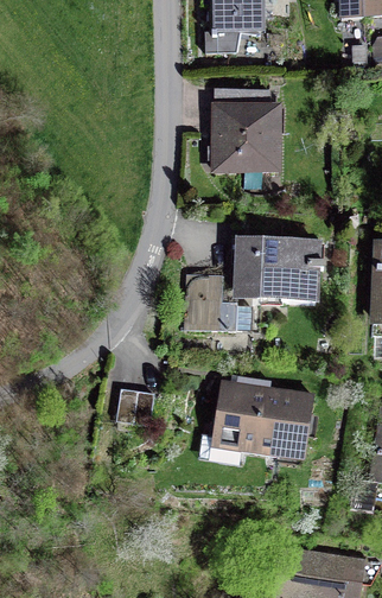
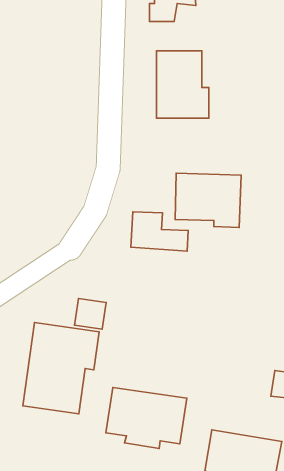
building: [215,382,312,456] -> [106,387,187,449]
building: none -> [23,323,99,414]

